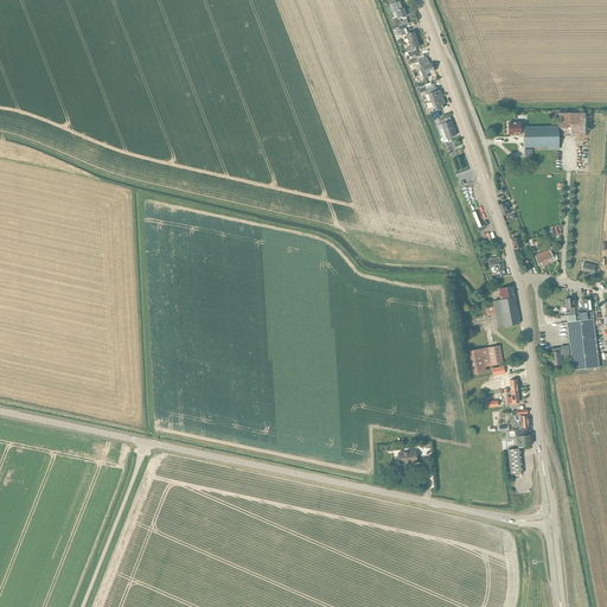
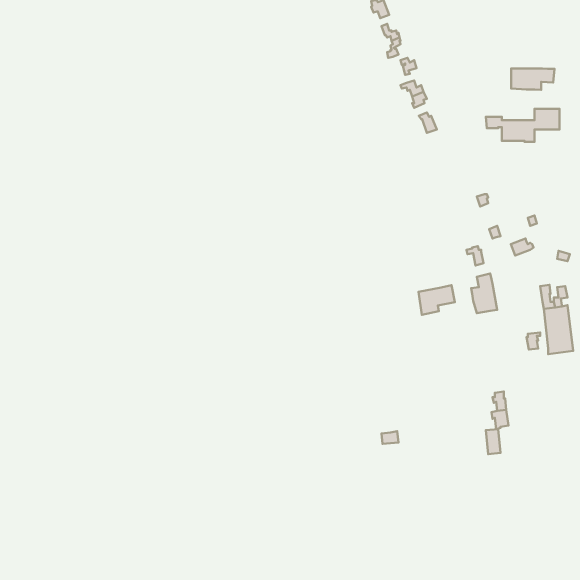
building: none -> [511,68,555,90]
building: [465,345,503,376] -> [418,285,455,315]

